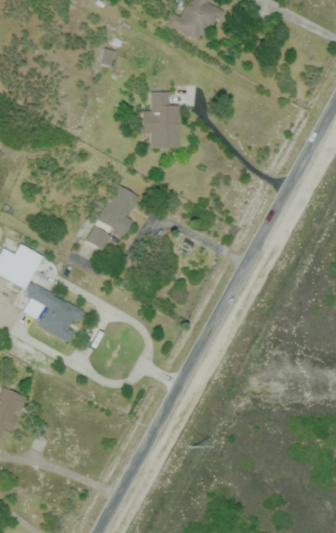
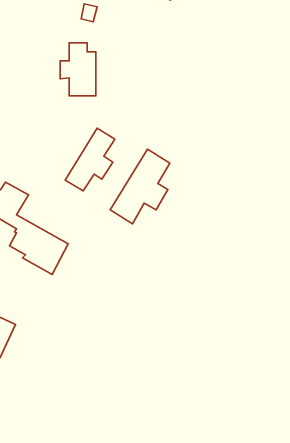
building: [141,91,181,149] -> [60,43,96,96]
building: none -> [110,149,170,224]

